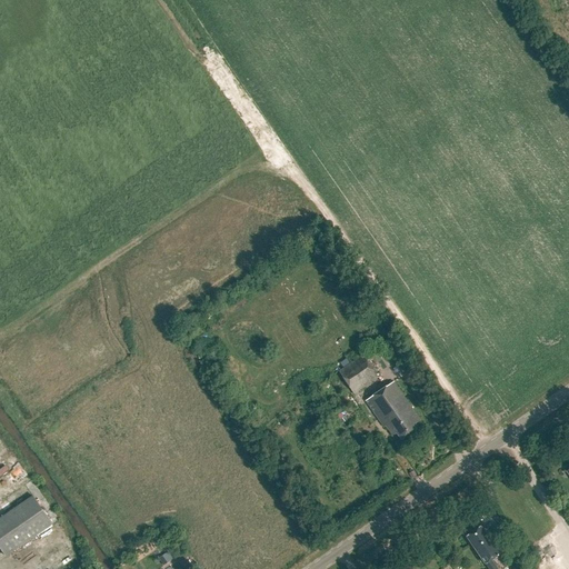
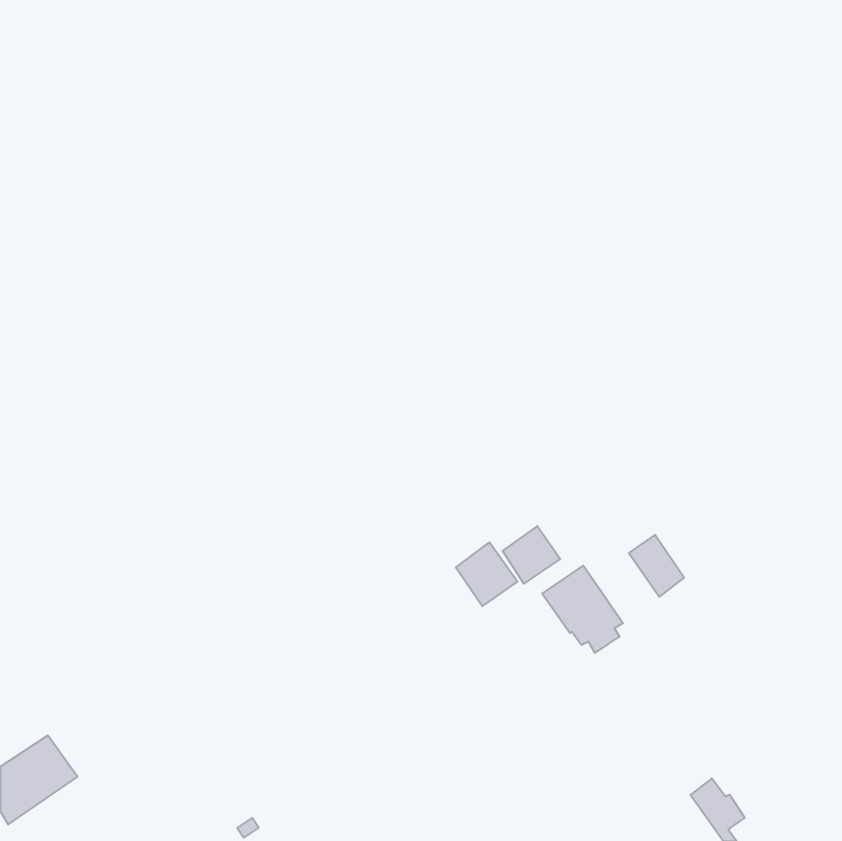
building: none -> [629,535,684,597]
building: none -> [456,542,518,606]

